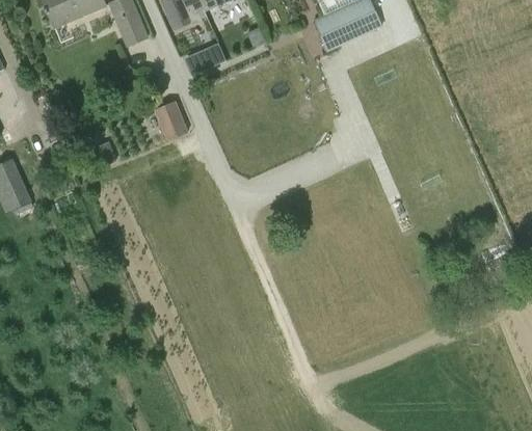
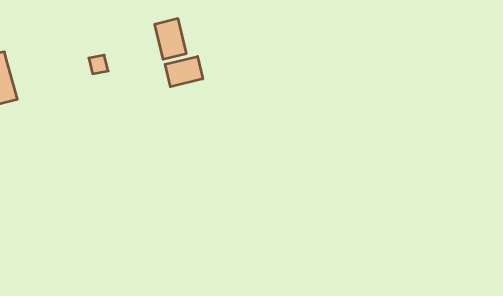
building: none -> [165,56,203,87]

